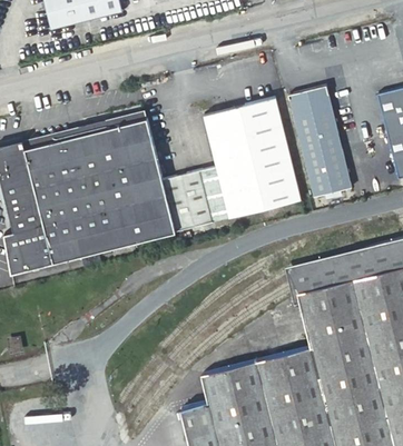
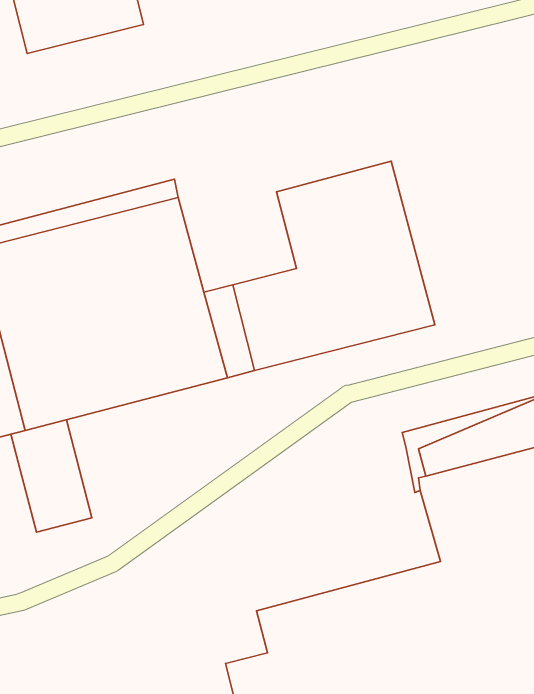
building: [293,89,355,199] -> none
building: none -> [11,420,92,532]

